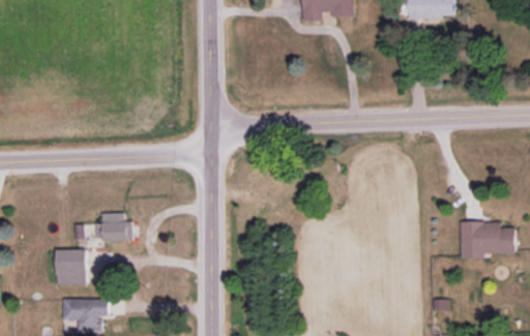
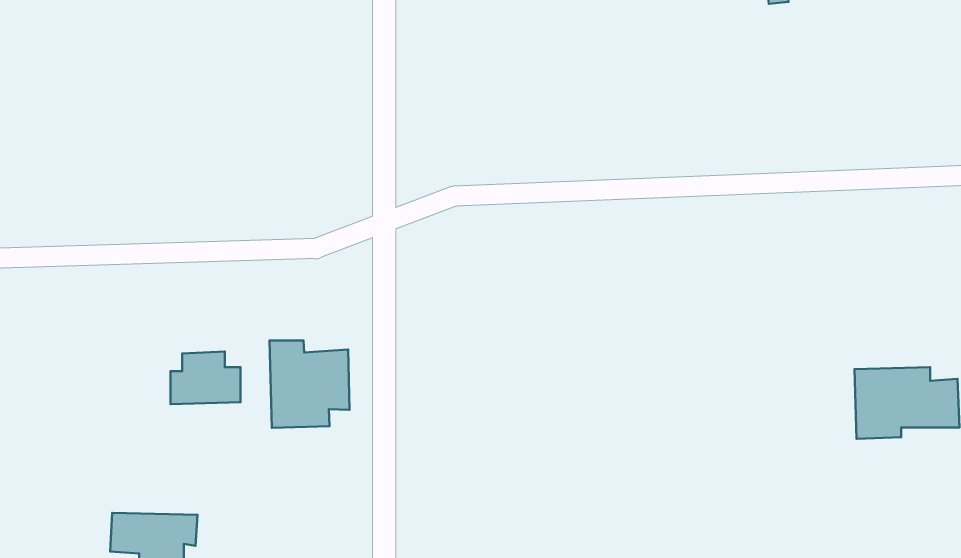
building: none -> [270,340,350,428]
building: [55,249,86,285] -> none

